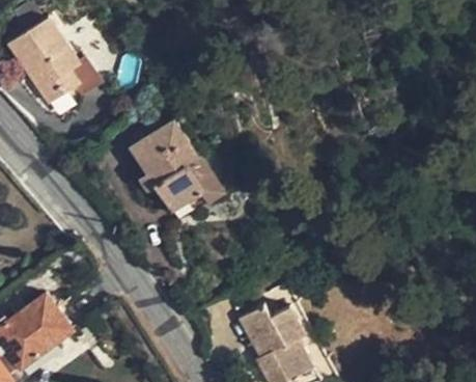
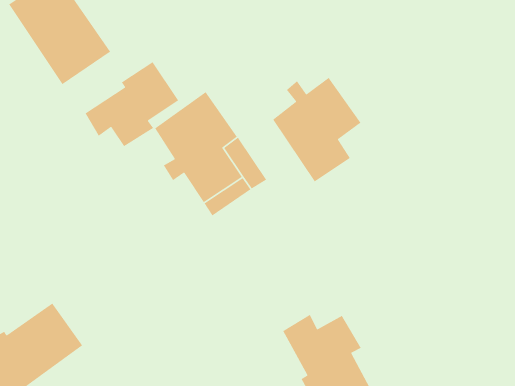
building: none -> [84,61,179,147]
building: none -> [272,77,362,183]

